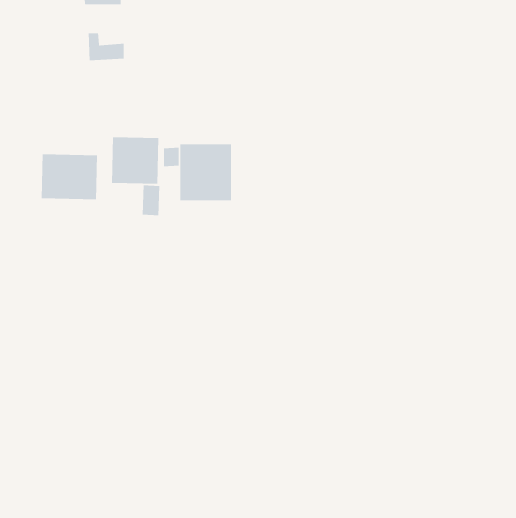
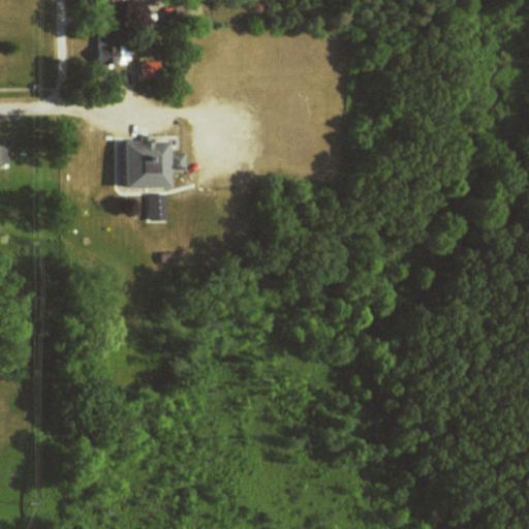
building: [179,143,232,201] -> none
building: [41,154,98,200] -> none

